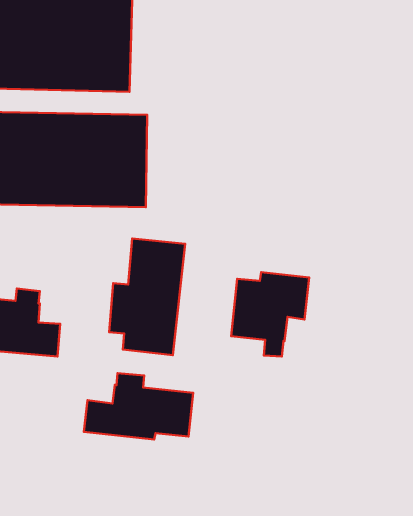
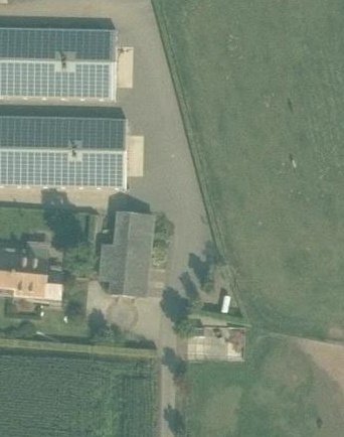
building: [231,272,309,357] -> none
building: [84,373,193,440] -> none

